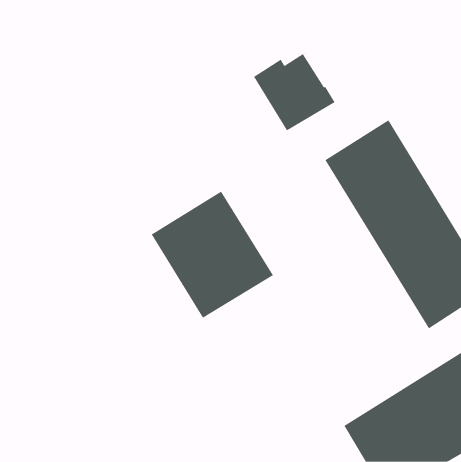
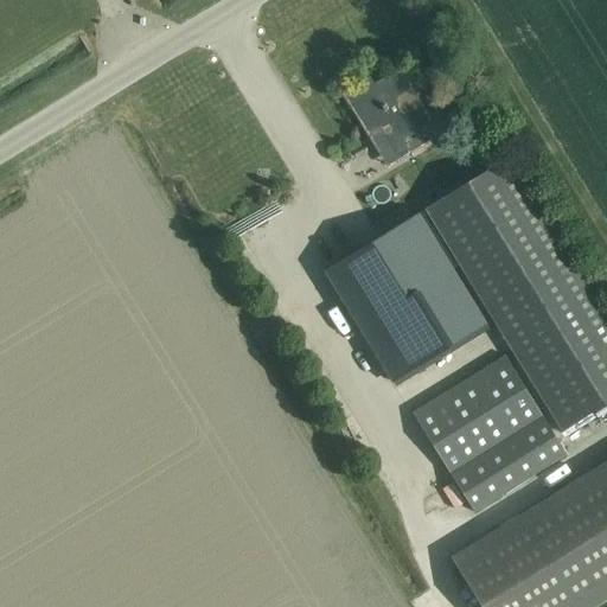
building: [151,191,274,318] -> [326,215,487,382]
building: none -> [414,356,568,512]

